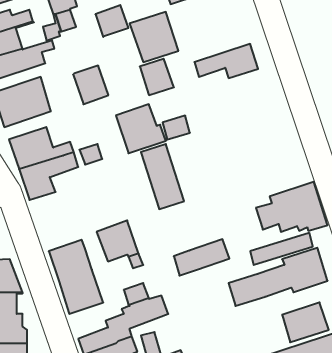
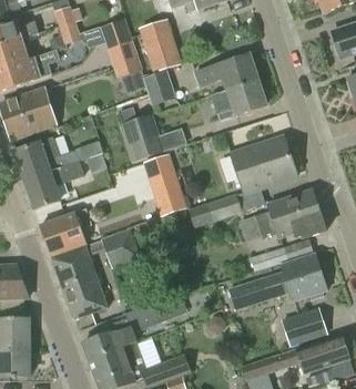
building: [73,66,108,104] -> [106,40,141,78]
building: none -> [211,80,265,121]
building: none -> [231,137,295,194]
building: none -> [41,208,90,255]
building: [174,239,229,276] -> [187,193,242,228]

